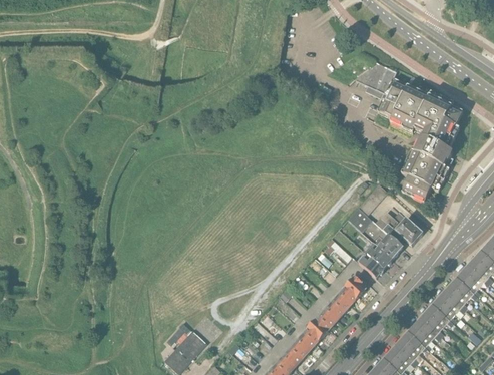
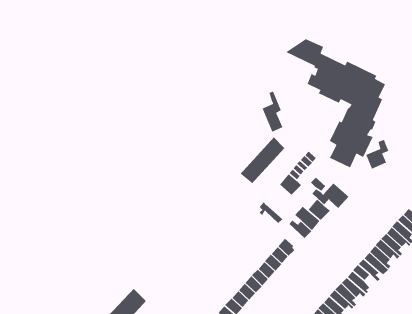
building: none -> [262,90,283,133]
building: none -> [239,137,285,185]
building: none -> [365,139,389,170]

